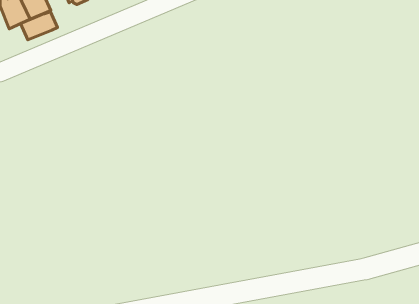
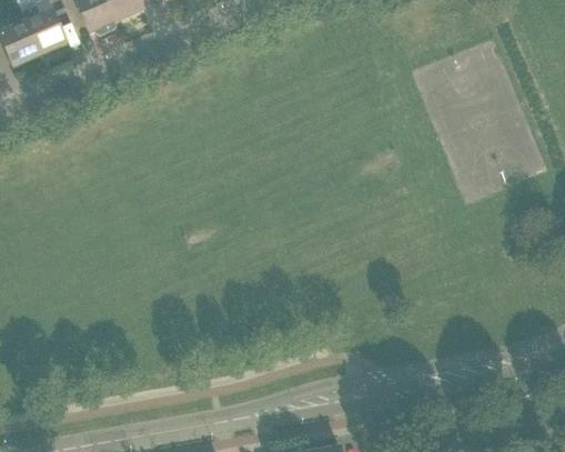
building: [21,12,57,40] -> none

